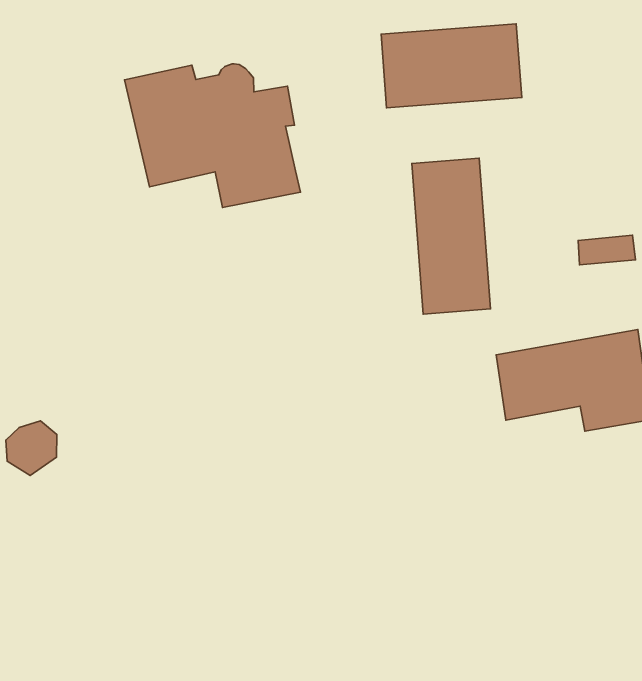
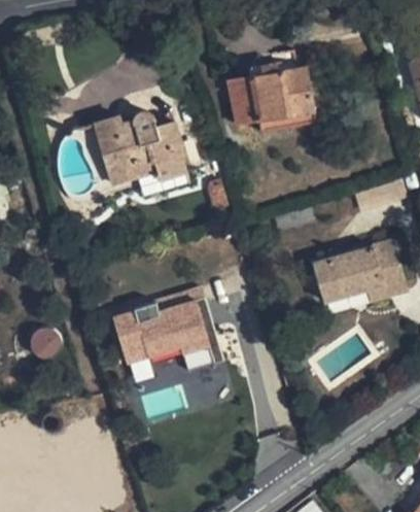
building: [412,158,490,314] -> none
building: none -> [113,300,223,373]

